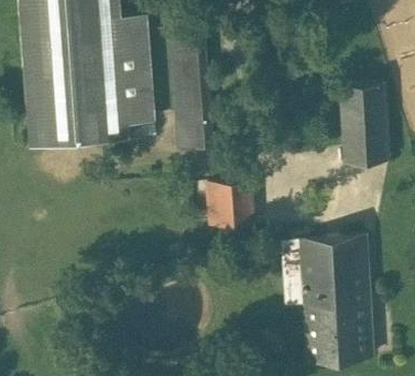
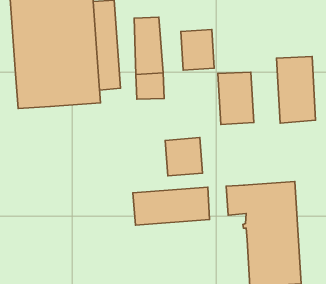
building: none -> [181,29,214,70]
building: none -> [218,72,254,124]
building: none -> [133,187,210,225]

